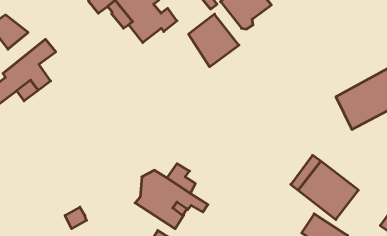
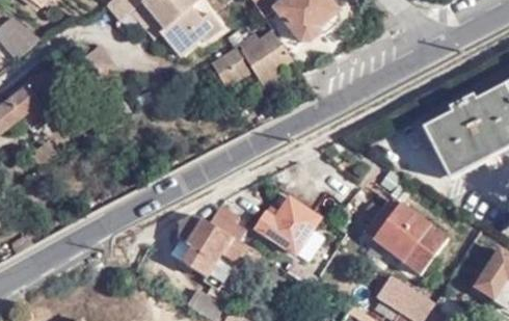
building: none -> [210,47,250,89]
building: none -> [257,194,325,263]

